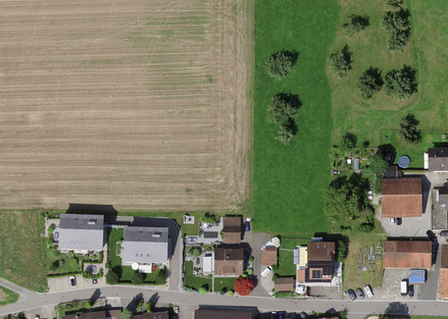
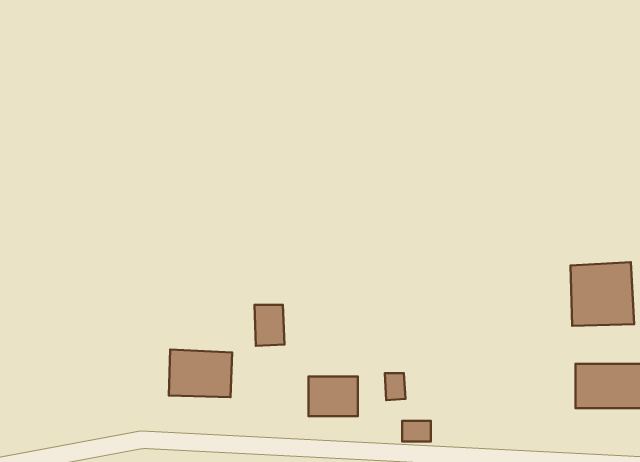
building: [221,215,241,242] -> [254,305,285,346]
building: [58,220,99,249] -> none
building: [297,248,330,281] -> none

